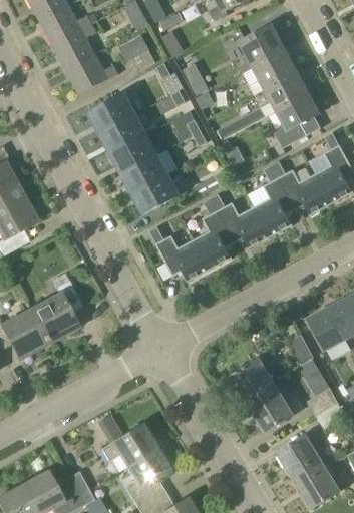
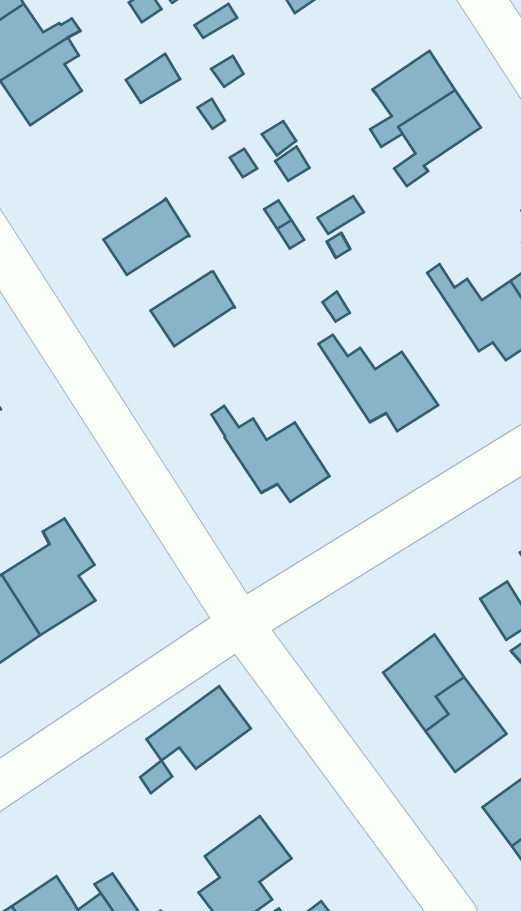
building: [235,24,282,73] -> none
building: [65,52,116,93] -> none
building: [270,89,320,148] -> none
building: [88,93,134,132] -> none
building: [110,134,156,172] -> none
building: [254,164,295,235] -> none
building: [132,174,179,213] -> none
building: [194,197,234,269] -> none
building: [101,423,157,466] -> [146,686,251,769]

